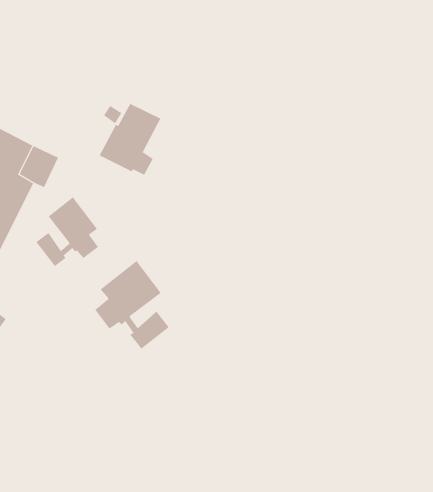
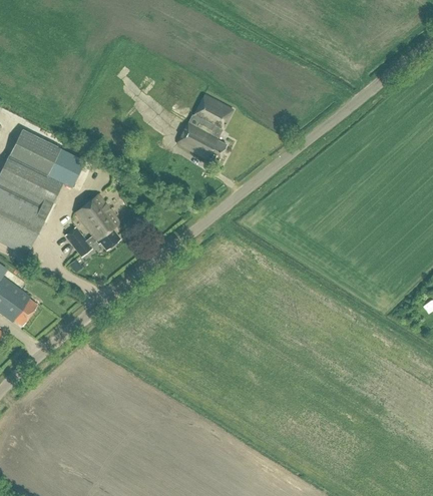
building: [99,103,161,175] -> [176,97,233,162]
building: [94,260,170,349] -> none

